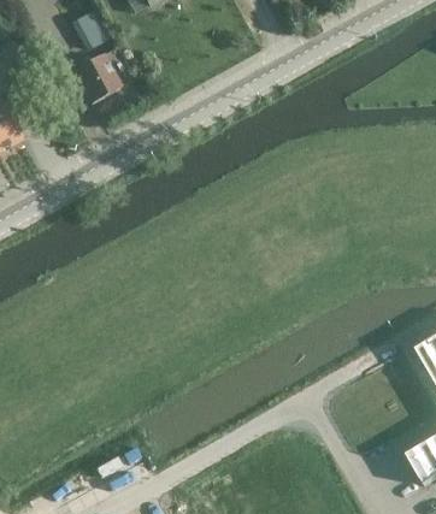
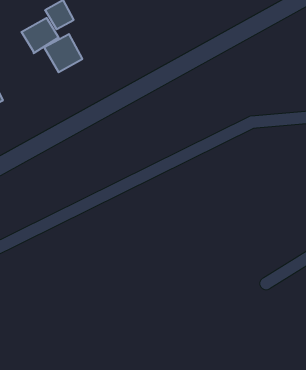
building: none -> [21,18,59,53]

